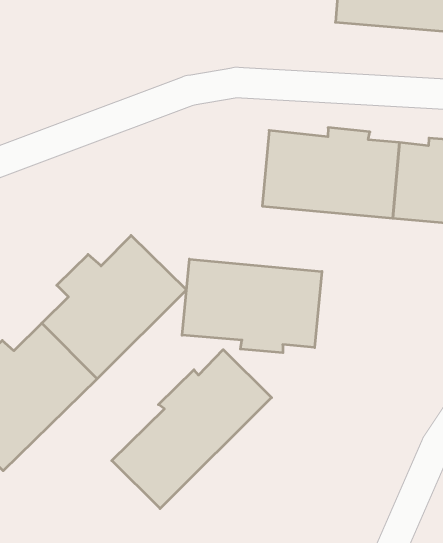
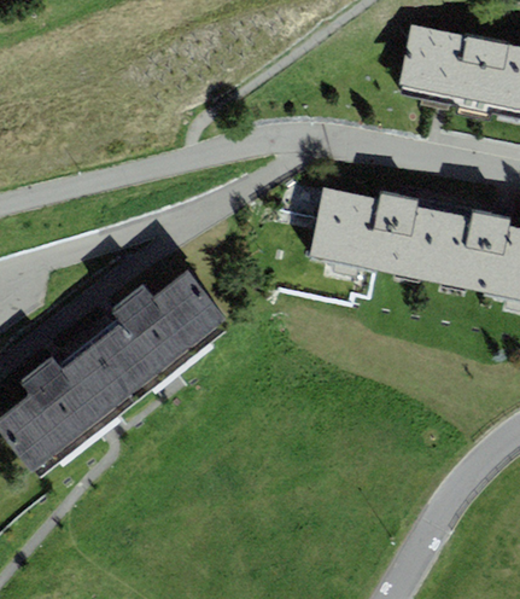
building: [182,259,322,353] -> none
building: [112,350,272,509] -> none

